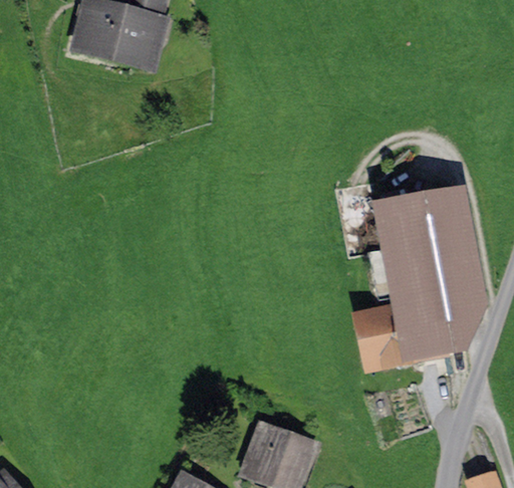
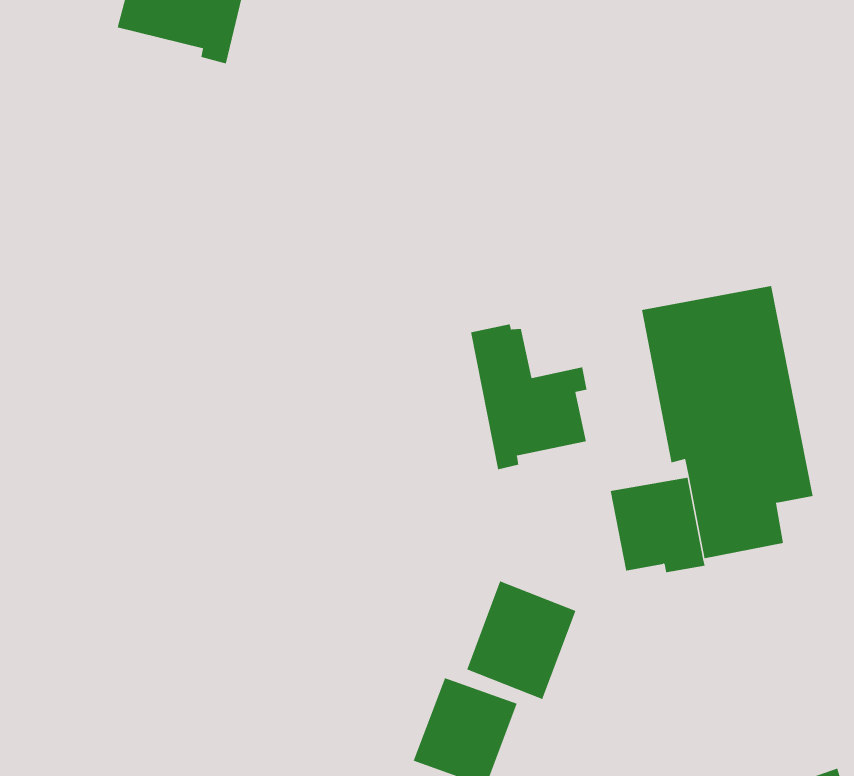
building: none -> [470,323,587,470]
building: none -> [466,581,576,700]

